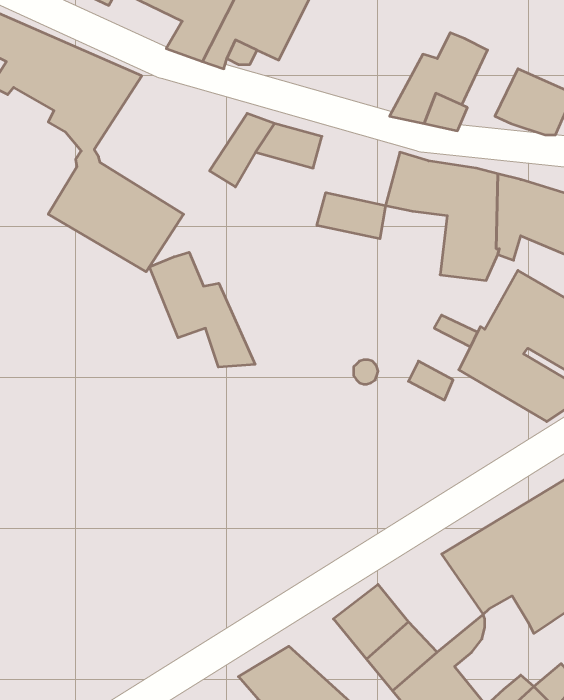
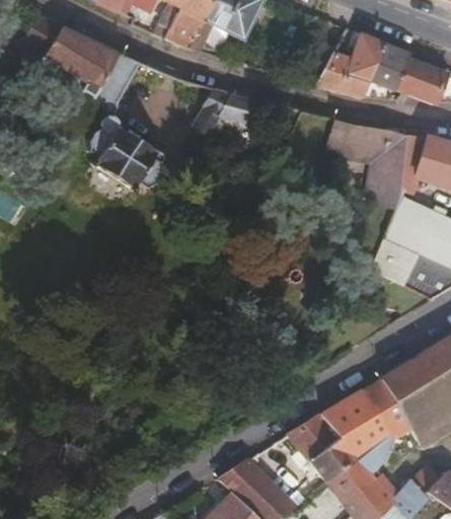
building: none -> [372,41,412,87]
building: [317,193,385,239] -> none
building: [149,252,255,367] -> none
building: none -> [313,395,387,464]

